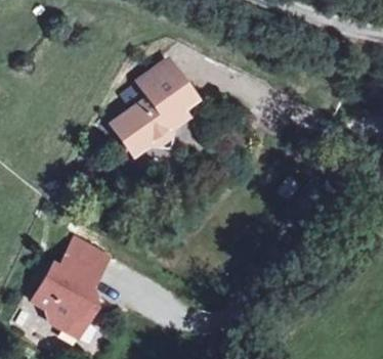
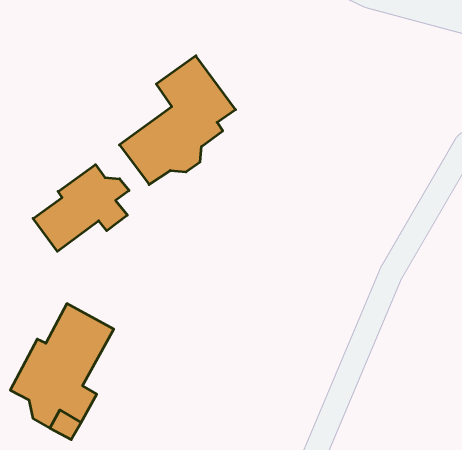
building: none -> [33,165,129,251]

